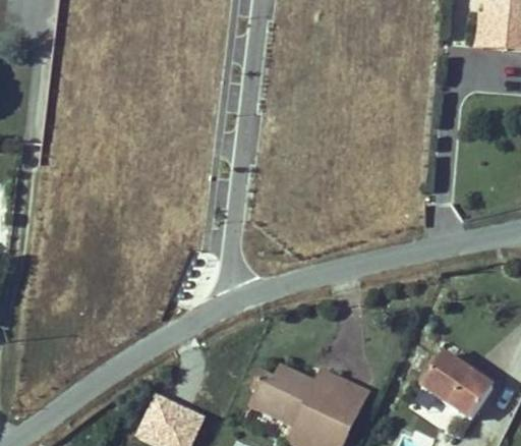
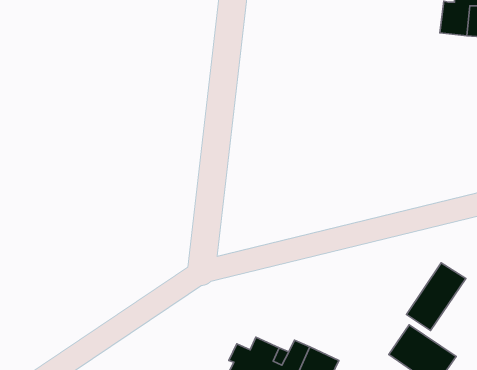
building: none -> [407,263,466,331]

